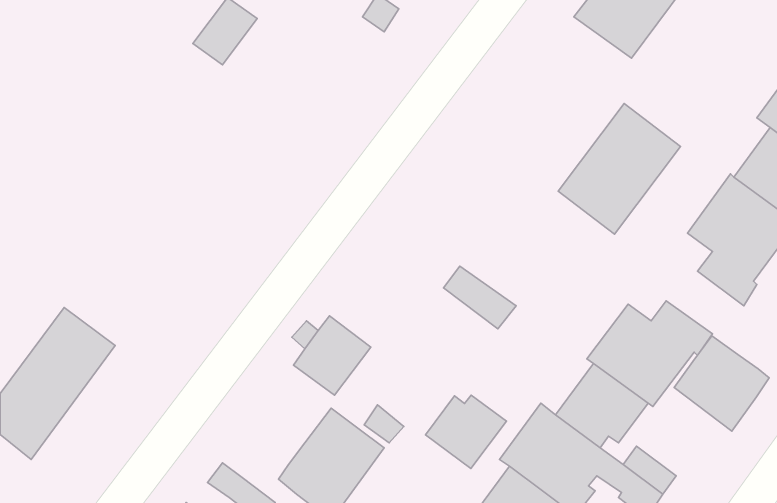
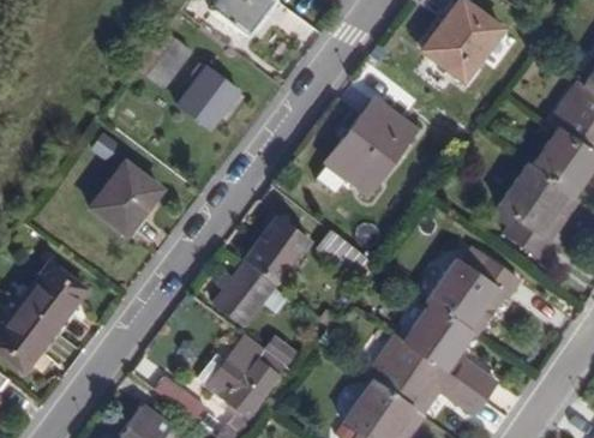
building: none -> [179,66,239,127]
building: [558,104,680,234] -> [326,98,415,193]
building: none -> [90,161,162,235]
building: none -> [242,216,311,286]
building: [674,336,769,431] -> none
building: [426,395,506,468] -> none

